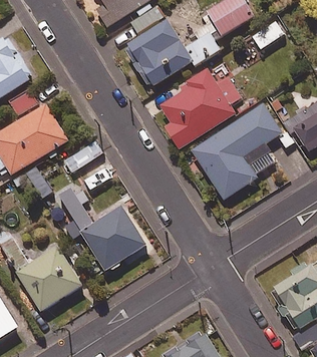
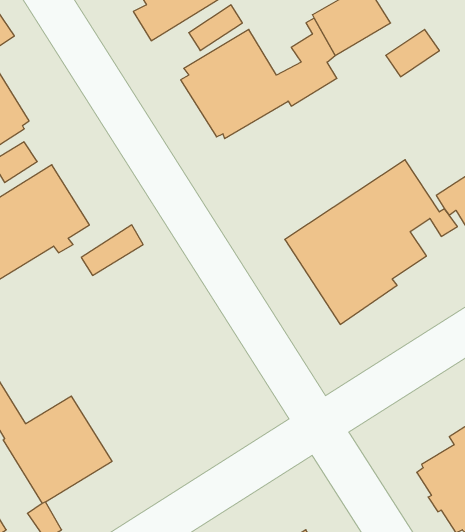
building: [160,70,242,152] -> none
building: [58,192,145,272] -> none

